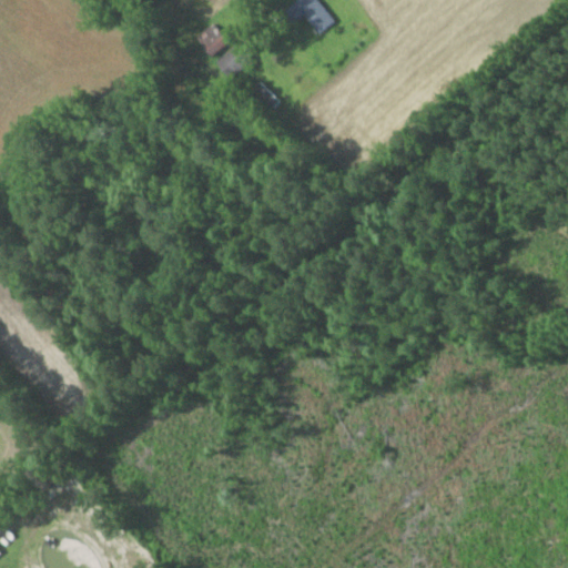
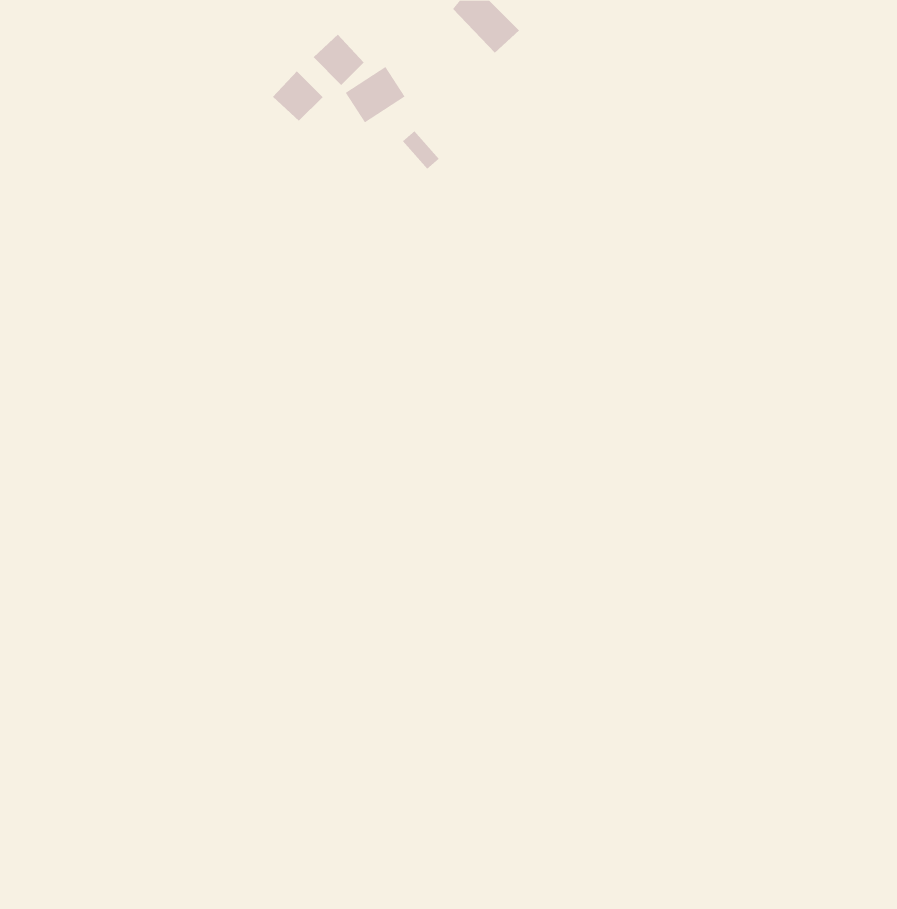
building: none -> [272,70,323,122]

